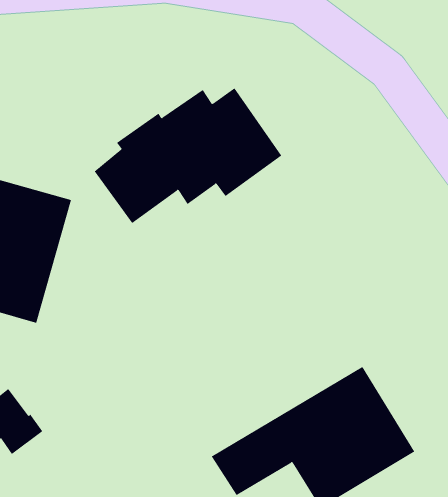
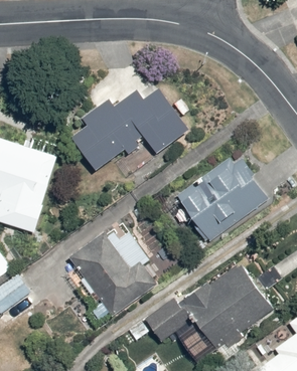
building: none -> [176,156,269,242]
building: none -> [63,219,157,318]

